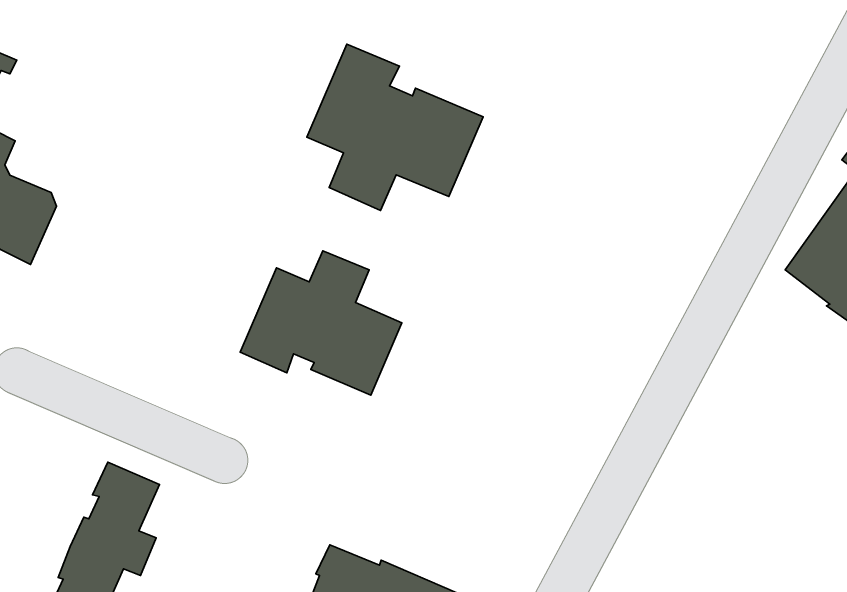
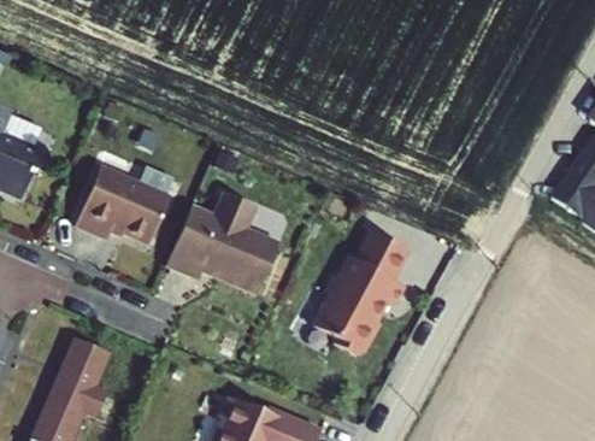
building: [307,44,483,211] -> none
building: none -> [77,166,171,243]
building: none -> [319,229,408,354]

